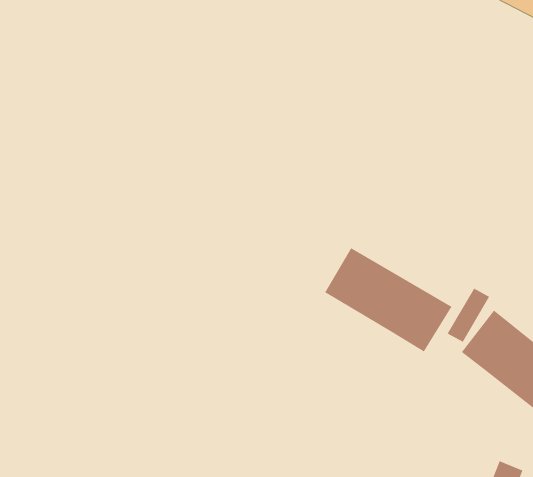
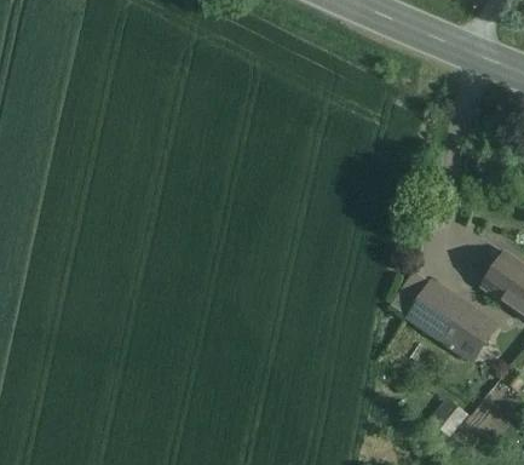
building: [324,247,452,353] -> none

